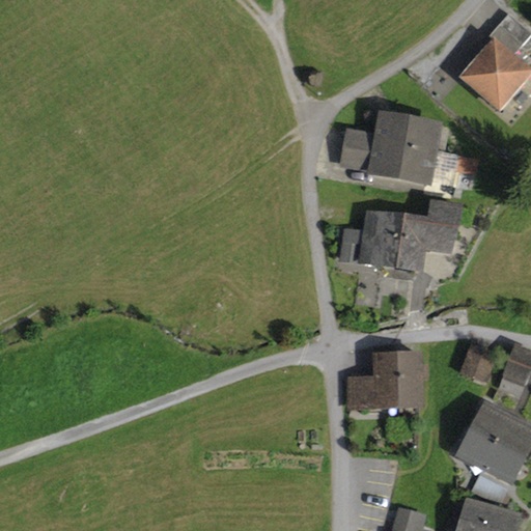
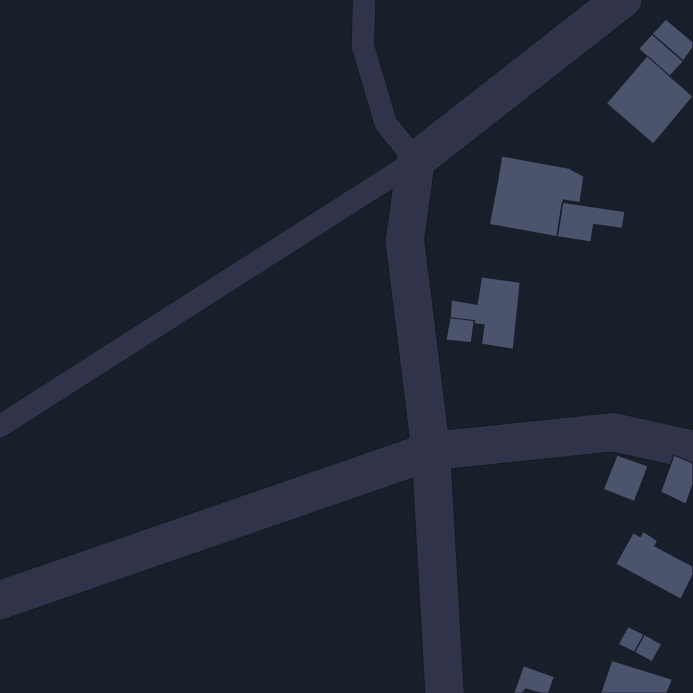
building: [343,134,380,171] -> none
building: [392,203,457,269] -> none
building: [350,354,419,406] -> none
building: [456,430,520,480] -> none

